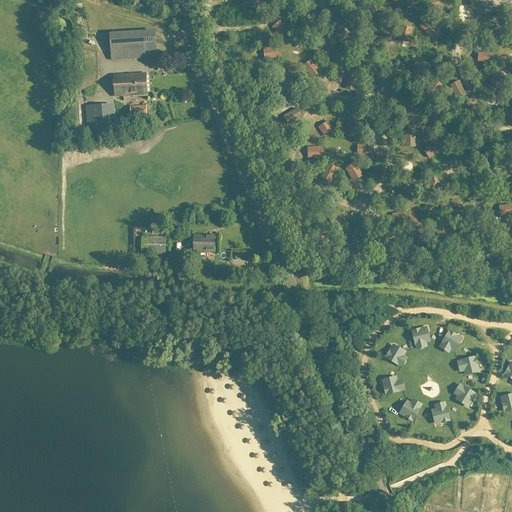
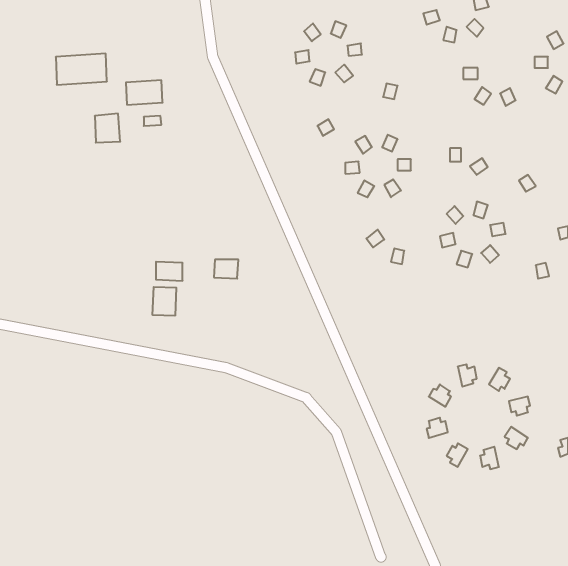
building: [109,30,155,58] -> [56,54,107,85]
building: none -> [153,287,176,316]

